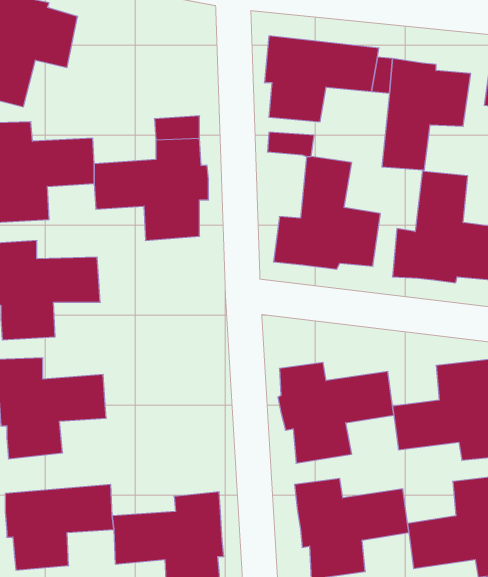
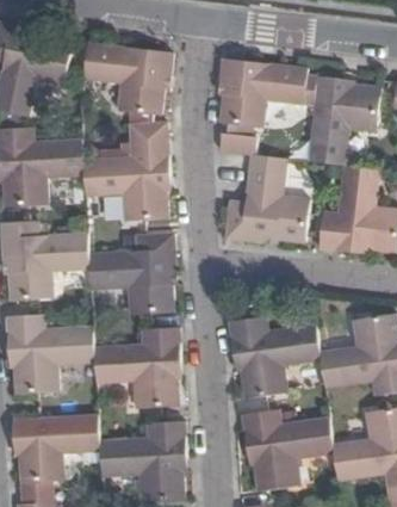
building: none -> [82,43,172,113]
building: none -> [87,233,175,314]
building: none -> [92,326,180,407]

